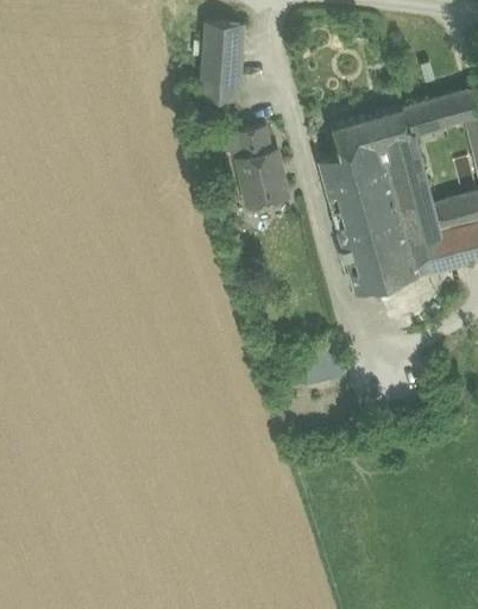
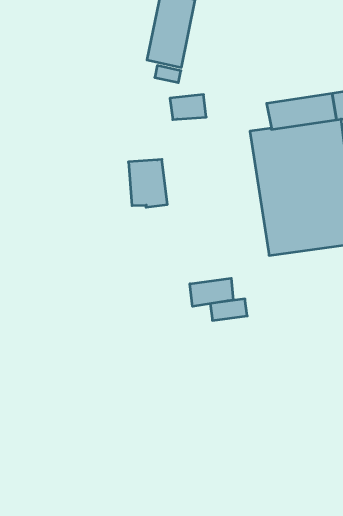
building: [239,151,287,205] -> [128,159,167,207]
building: none -> [190,278,233,306]

